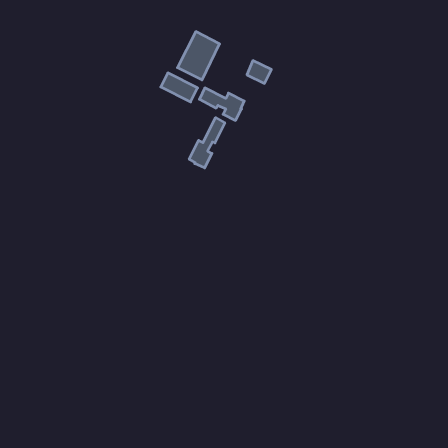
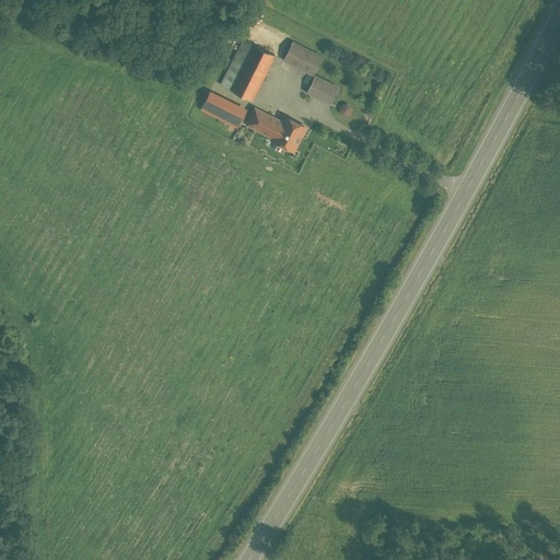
building: none -> [285,43,323,75]
building: [189,118,225,168] -> none

